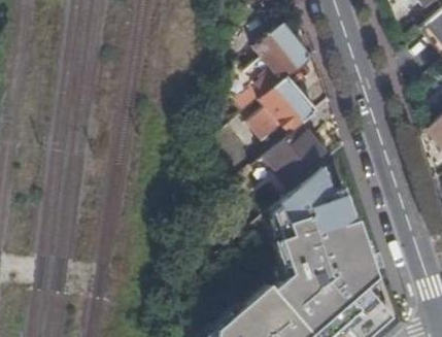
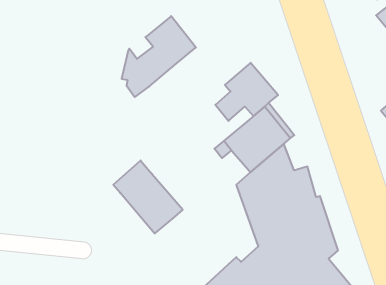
building: [228,24,308,111] -> [122,16,196,97]
building: none -> [113,160,183,233]

